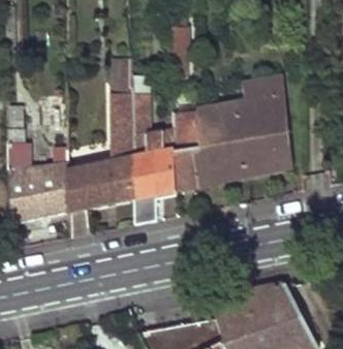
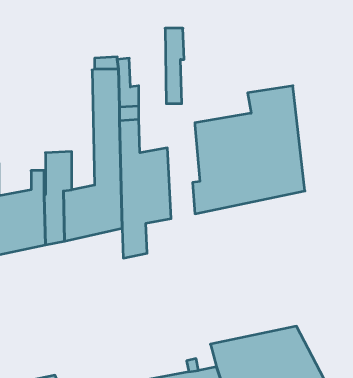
building: [174,110,201,191] -> none

